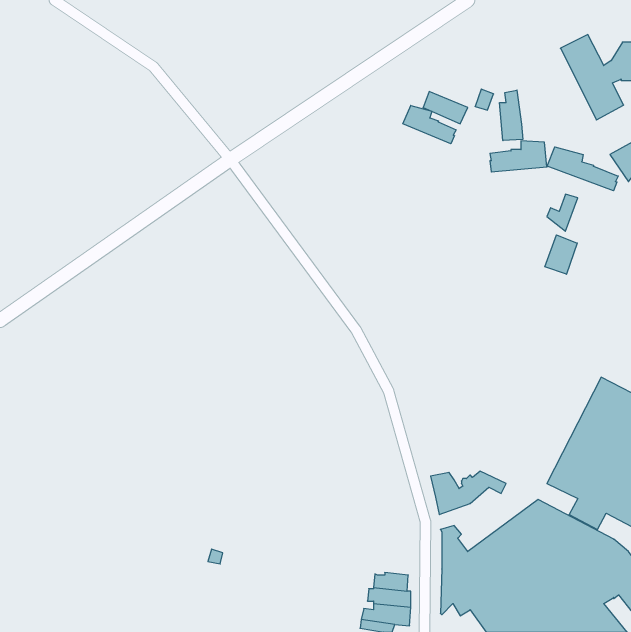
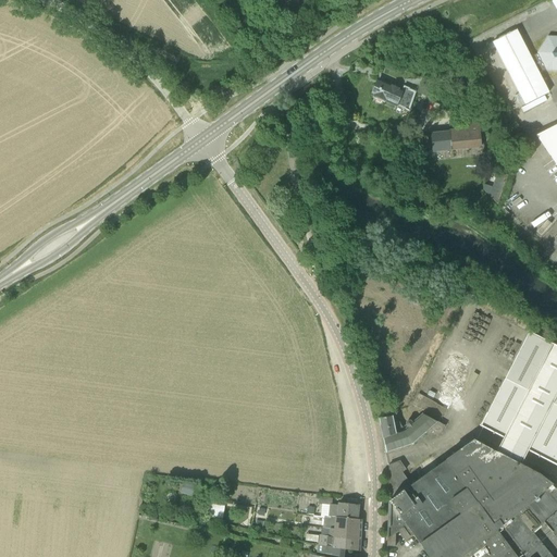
building: [500,90,523,141] -> none
building: [403,105,456,144] -> none
building: [547,147,618,191] -> none
building: [545,235,577,274] -> none

